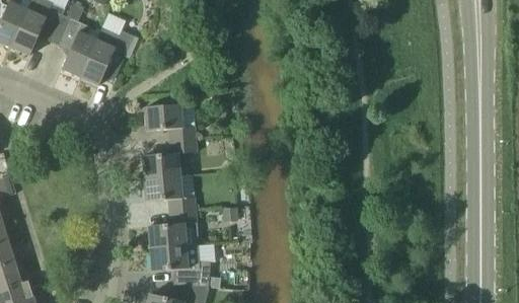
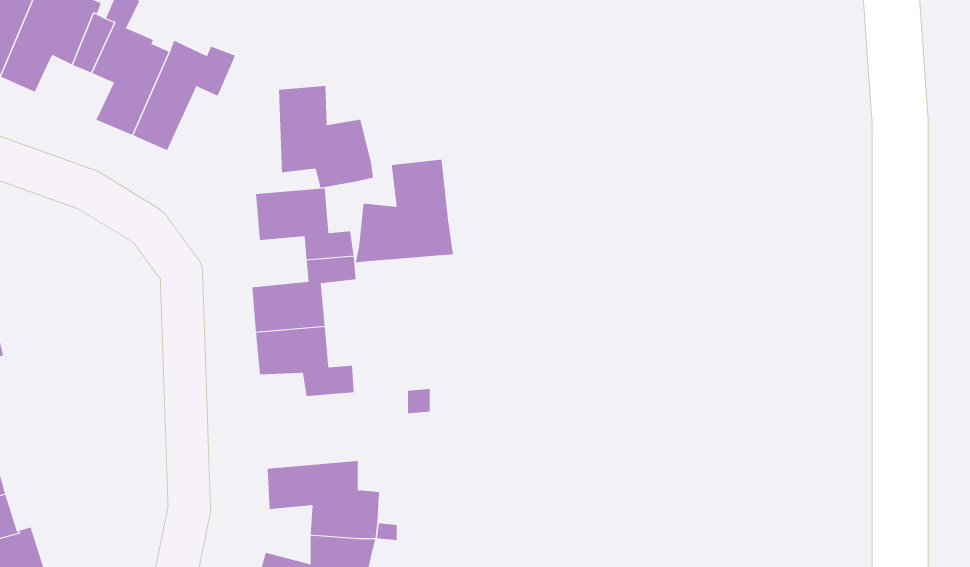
building: none -> [279,85,374,188]
building: none -> [355,159,453,263]
building: [148,210,198,249] -> none

